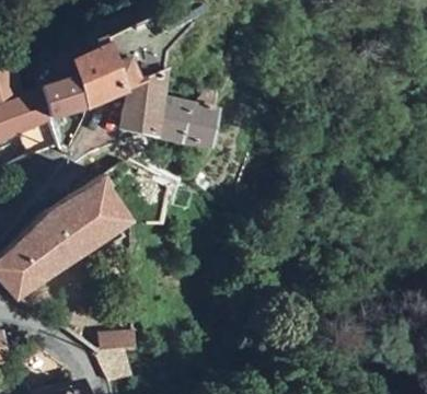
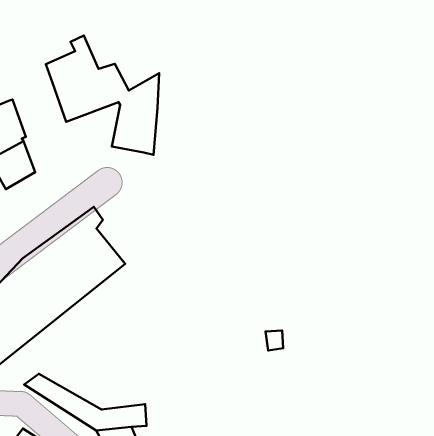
building: [47,73,89,115] -> none
building: [157,90,219,146] -> none

